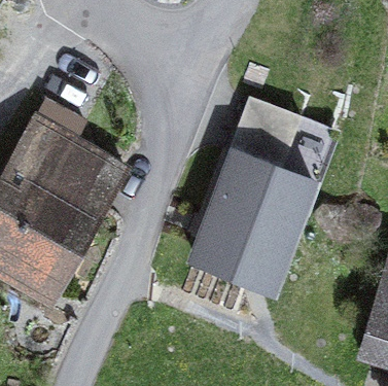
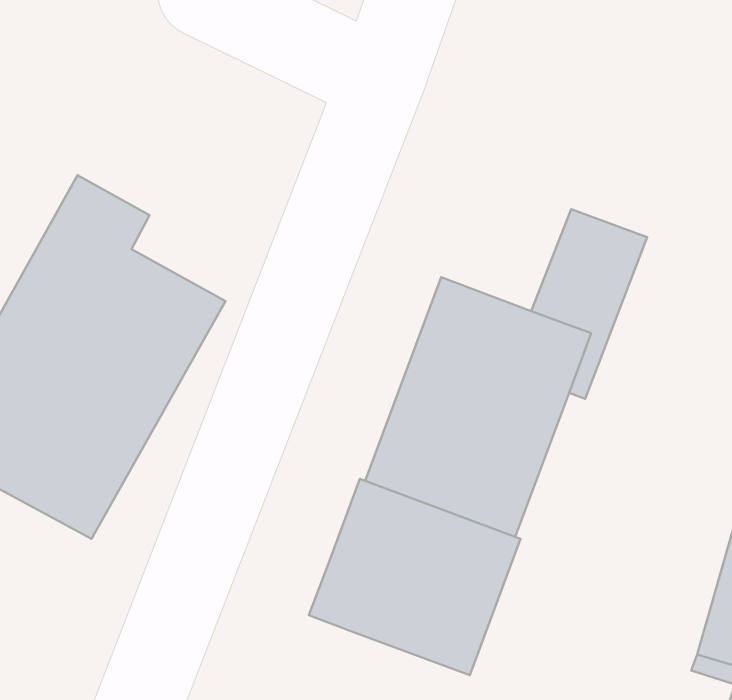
building: [223,99,297,174] -> none
building: none -> [309,479,521,675]

